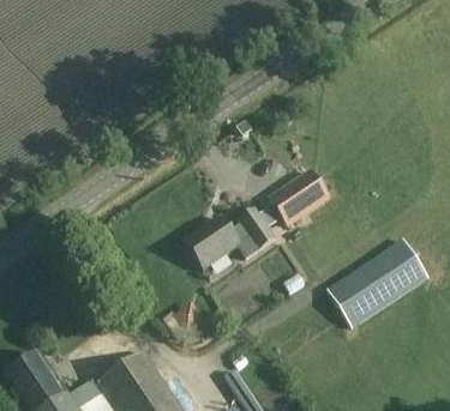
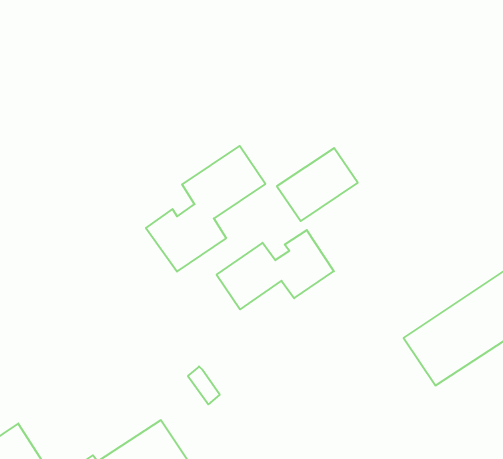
building: none -> [146,146,265,272]
building: [270,170,331,225] -> [277,148,358,221]

